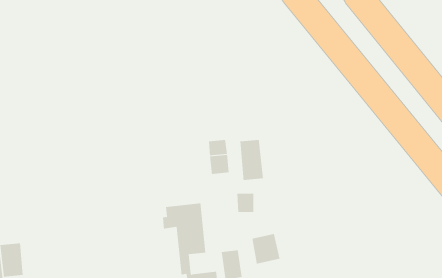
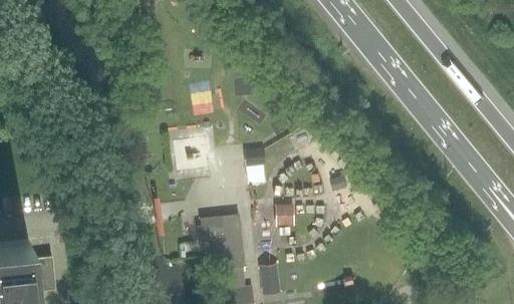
building: [240,139,263,181] -> none
building: [252,233,280,264] -> none

